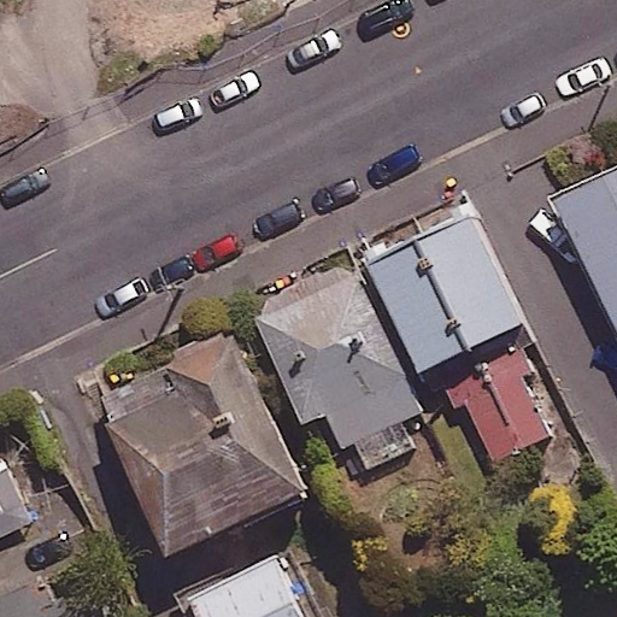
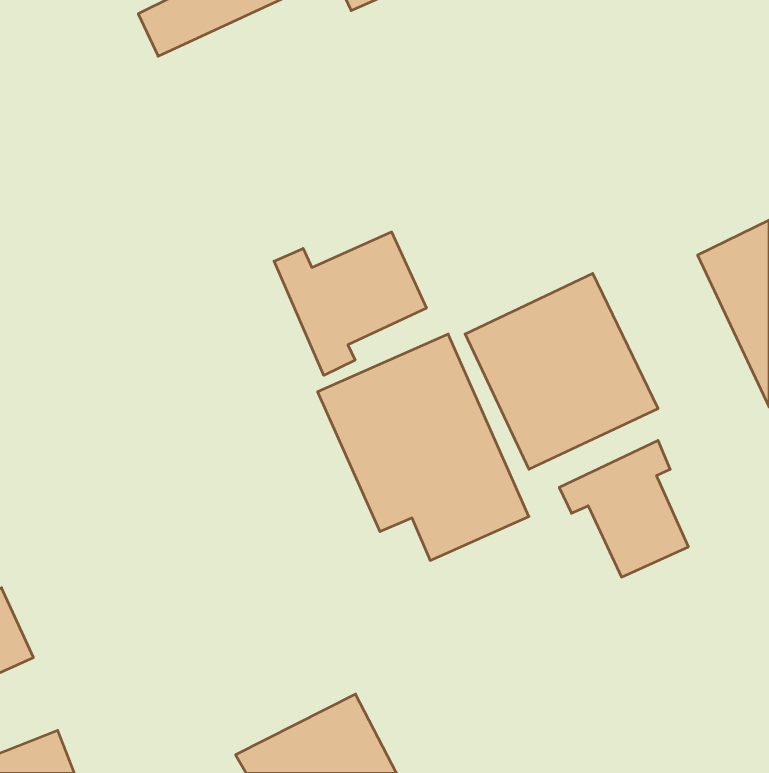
building: none -> [274,232,426,375]
building: [100,335,304,553] -> none

